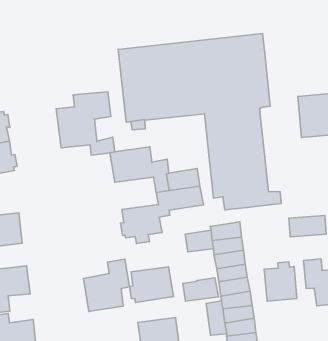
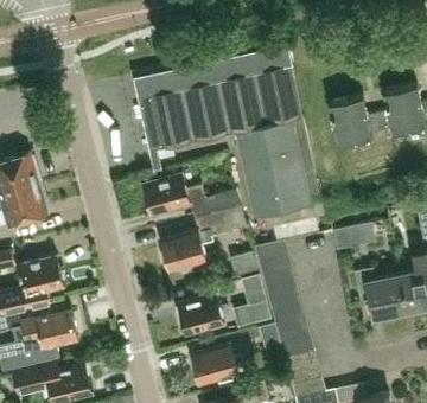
building: [56,92,115,155] -> none
building: [84,259,129,311] -> none
building: [264,262,297,301] -> none

